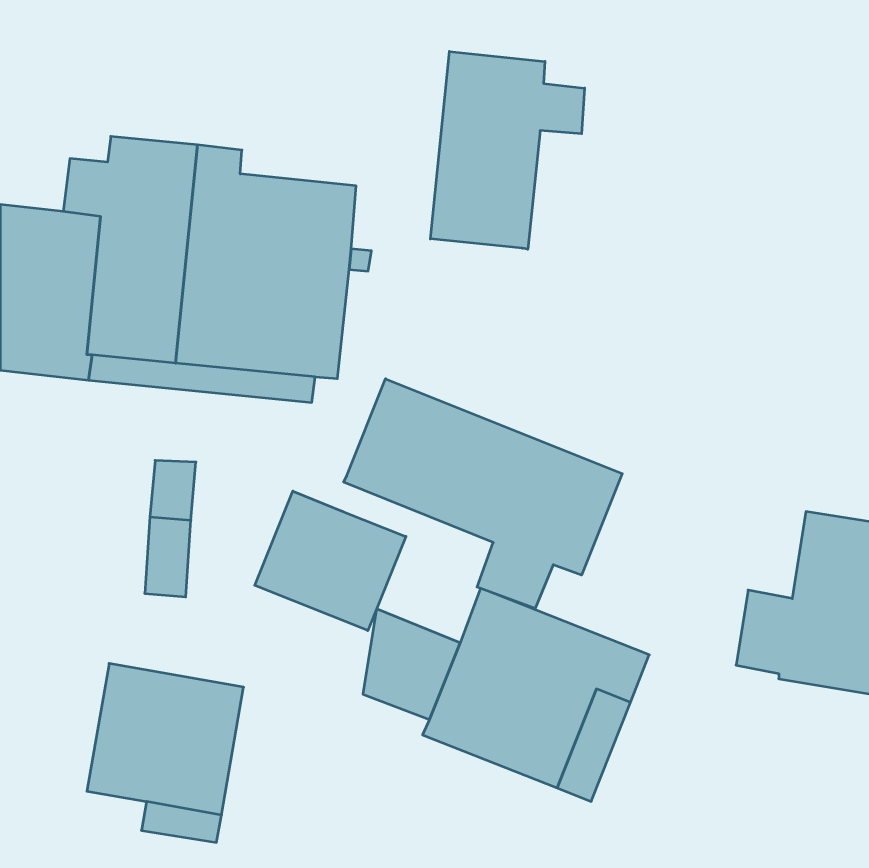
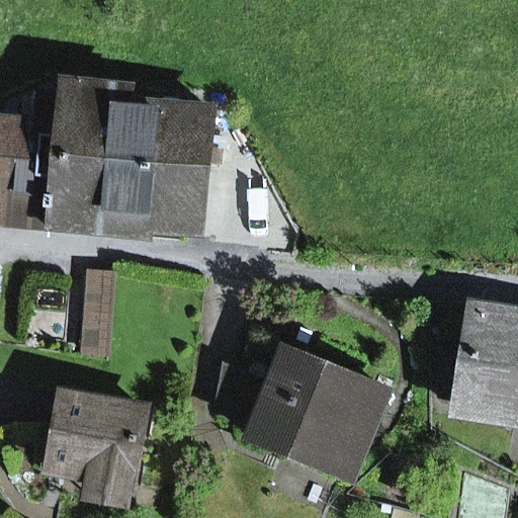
building: [430,51,585,249] -> none
building: [344,379,622,608] -> none
building: [255,491,406,631] -> none

